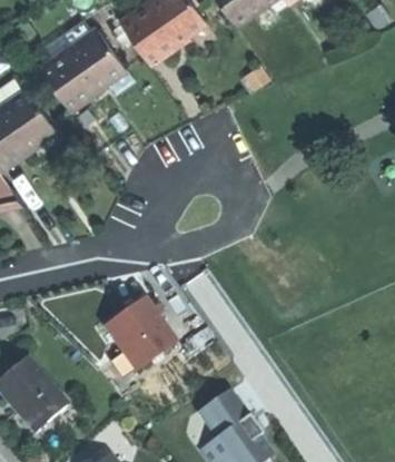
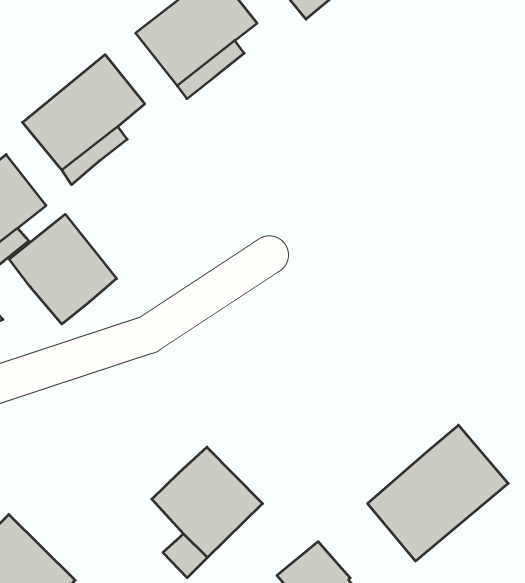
building: none -> [9,214,117,324]
building: none -> [368,425,508,561]

